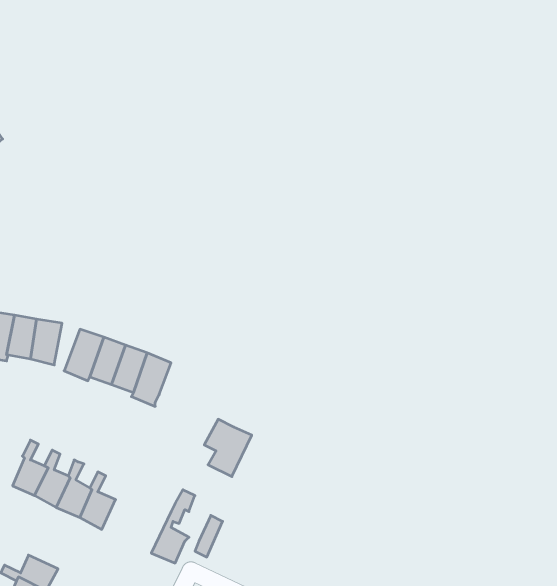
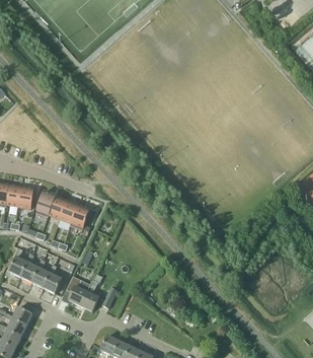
building: [204,419,252,477] -> [66,276,90,305]

